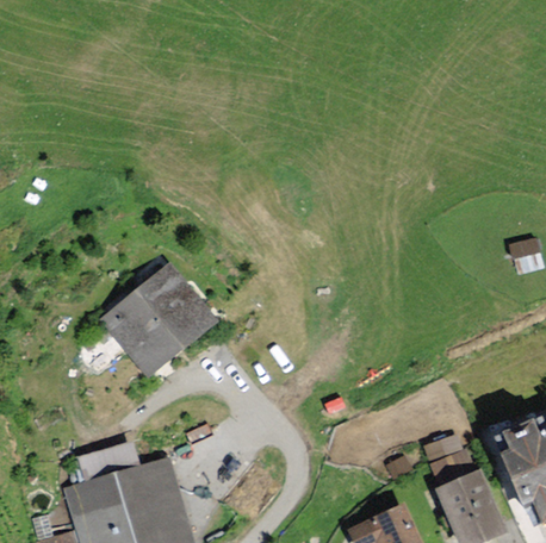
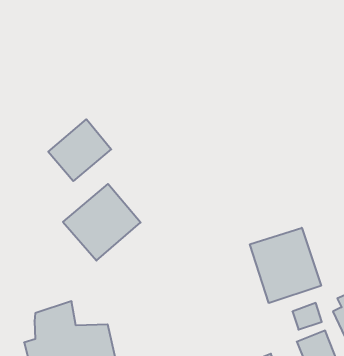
building: none -> [48,119,111,181]
building: none -> [250,228,321,303]

